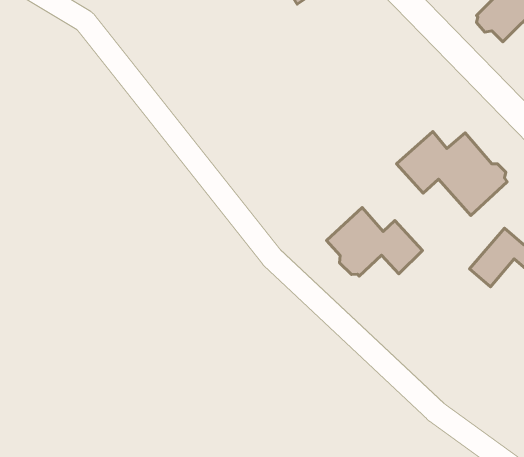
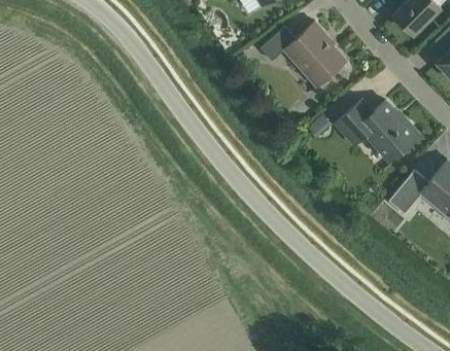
building: none -> [259,22,346,86]
building: [326,208,423,276] -> none

